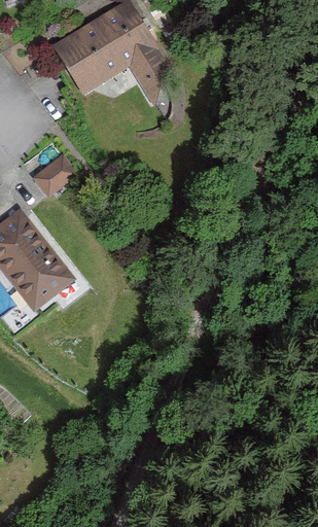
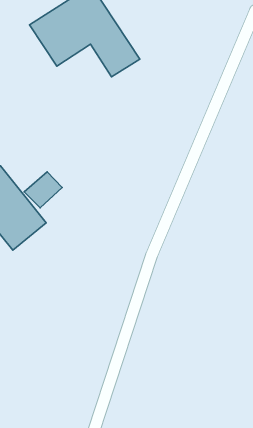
building: [32,154,76,197] -> [24,172,62,208]

